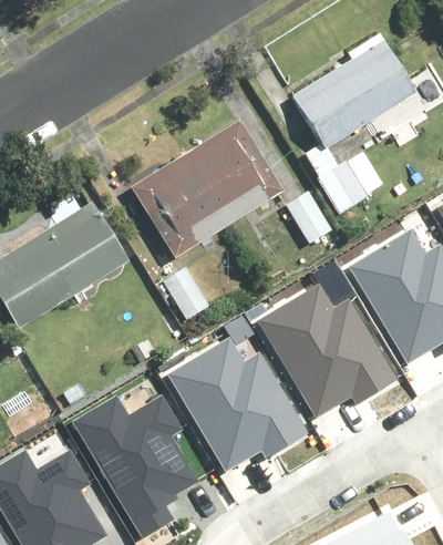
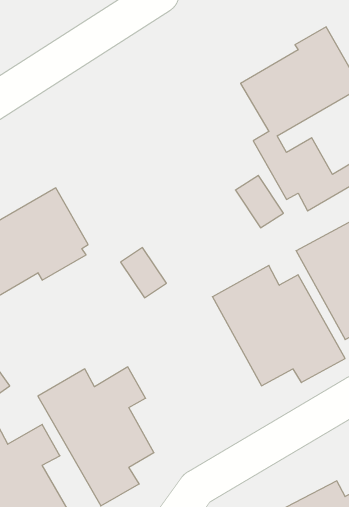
building: [128,117,285,257] -> none
building: [174,345,313,471] -> none

